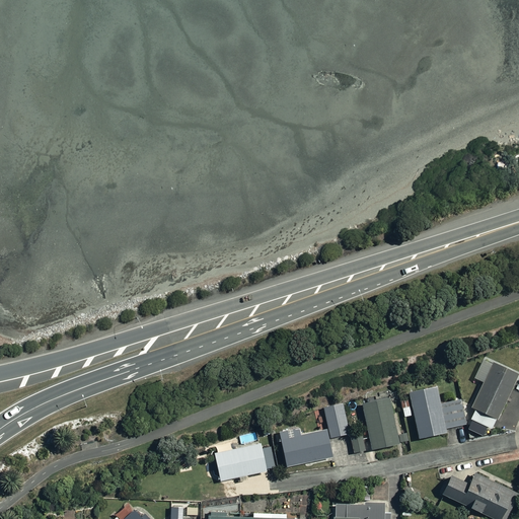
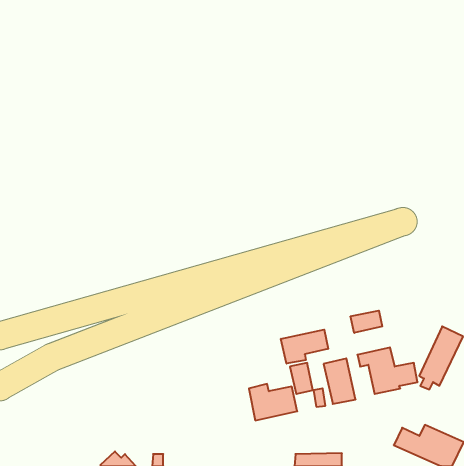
building: none -> [351,311,382,333]
building: none -> [281,330,328,364]
building: [214,441,276,483] -> none

